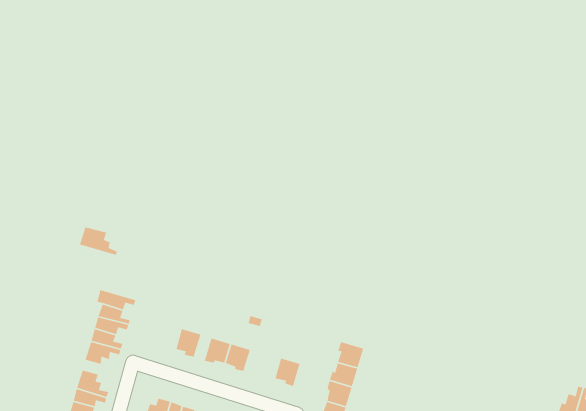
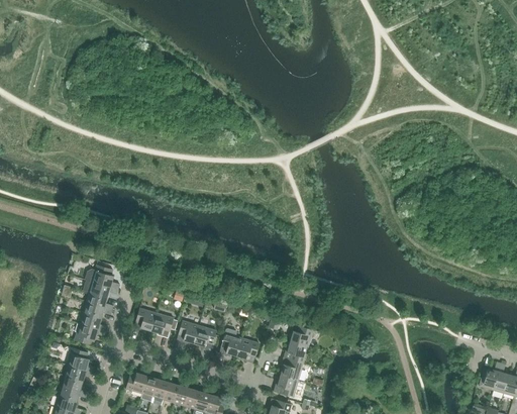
building: [79,226,118,256] -> [86,264,119,289]
building: none -> [133,308,157,331]
building: none -> [219,329,241,356]

